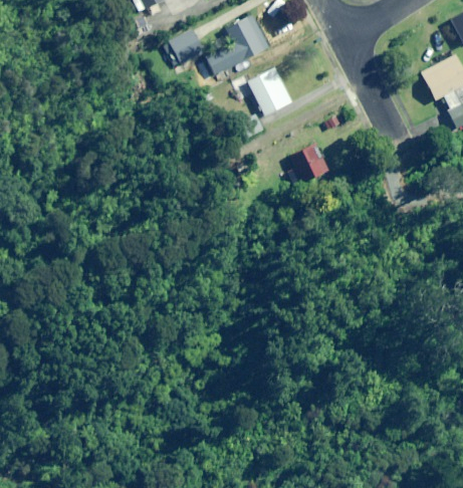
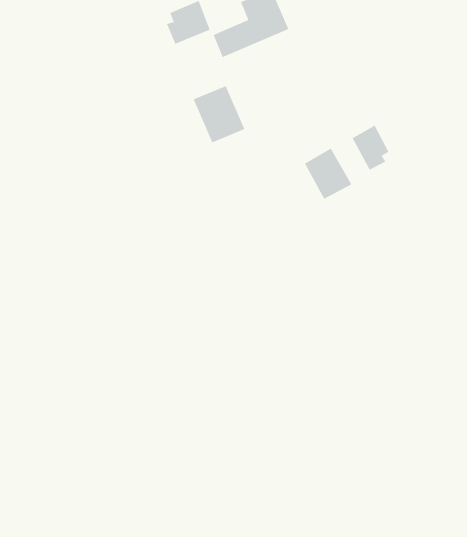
building: [247,67,291,114] -> [193,86,245,143]
building: none -> [352,125,389,171]

